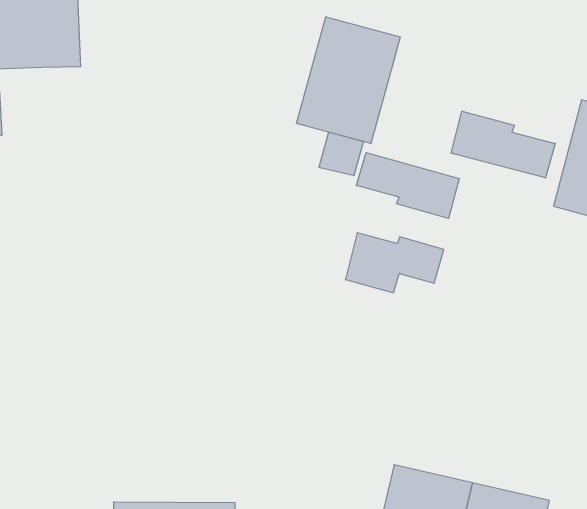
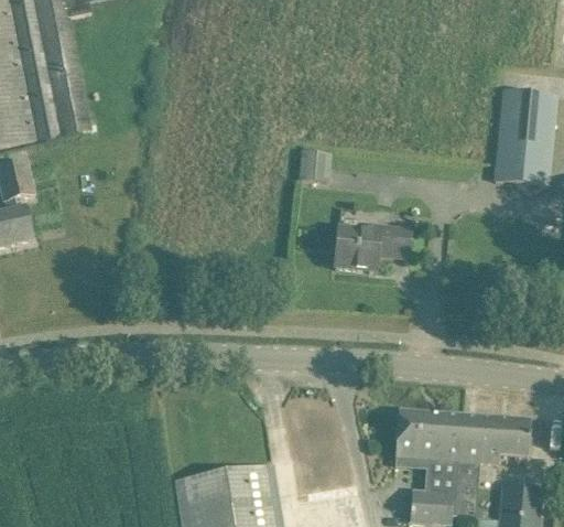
building: [296,17,400,144] -> none
building: [451,111,555,178] -> none
building: [356,153,459,218] -> none

